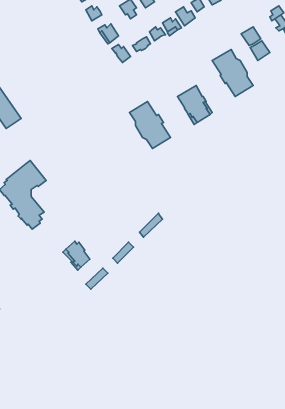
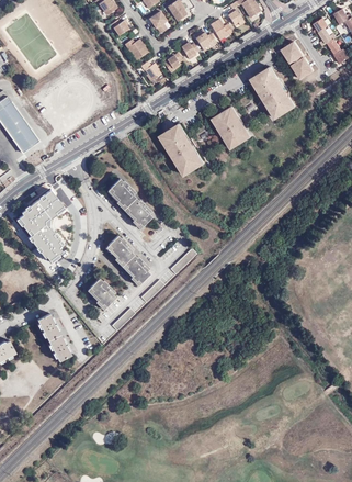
building: none -> [107,178,152,225]
building: none -> [105,235,150,282]
building: none -> [37,313,71,360]

